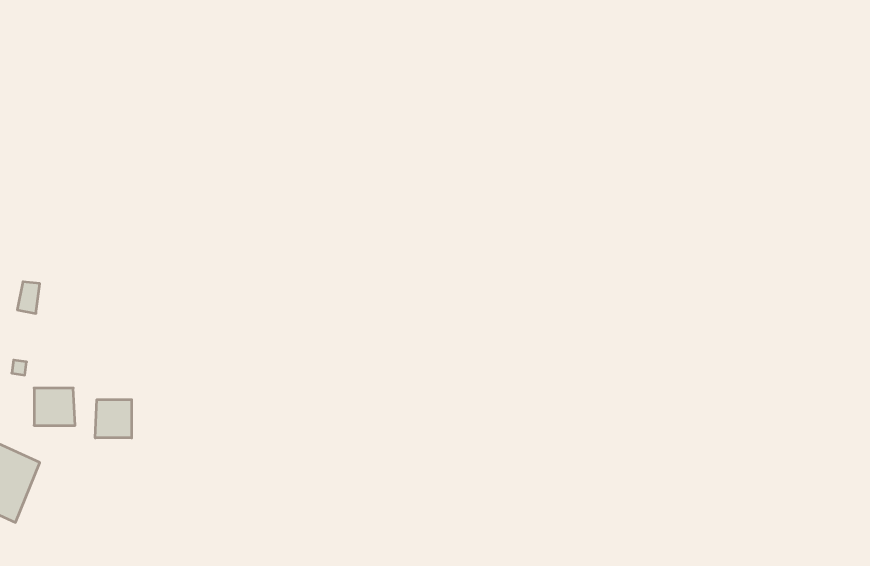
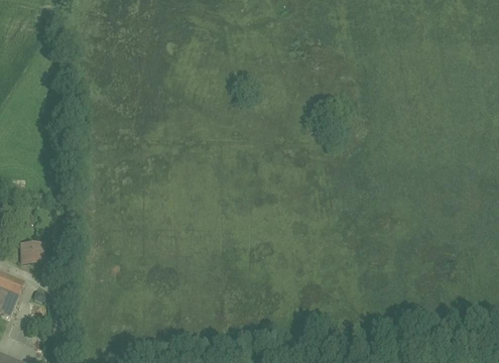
building: [95,400,132,438] -> none

